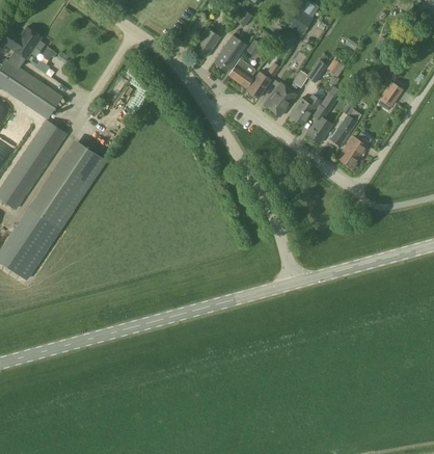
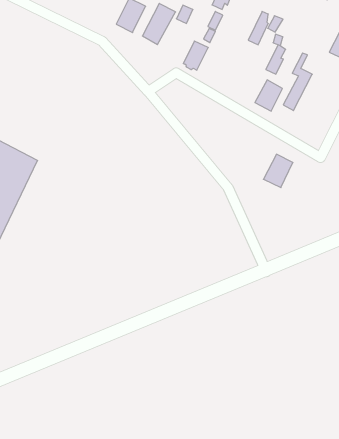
building: [228,59,255,88] -> none
building: [265,83,296,116] -> none
building: [290,96,321,125] -> none
building: [338,137,367,167] -> [263,154,293,188]

